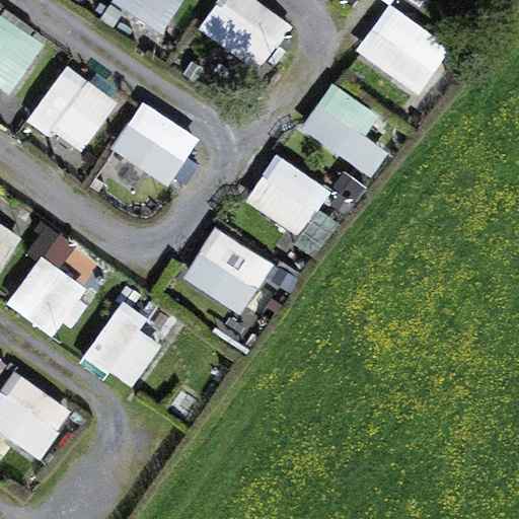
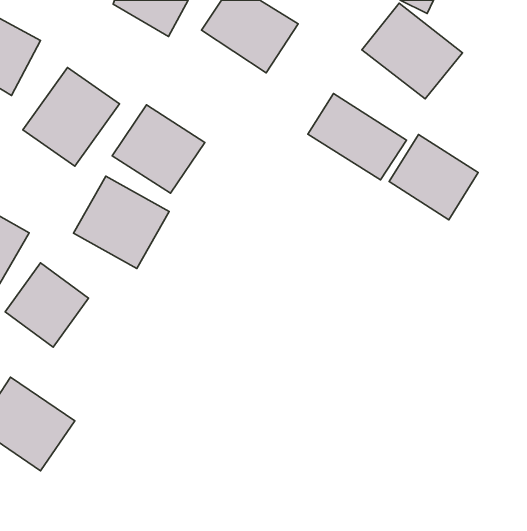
building: none -> [389,134,478,220]
building: [244,154,329,237] -> none
building: [181,224,275,314] -> [73,176,169,269]
building: [81,297,170,391] -> none

